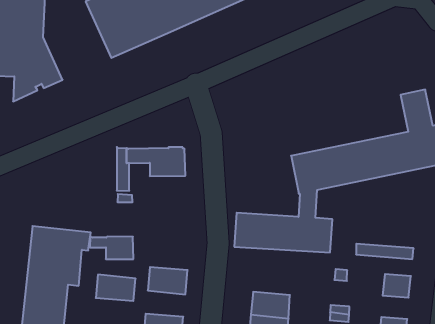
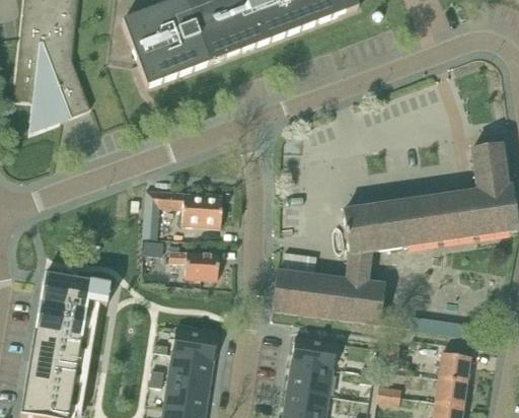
building: [90,237,133,259] -> [168,251,218,279]
building: none -> [291,336,338,369]
building: [96,275,136,301] -> [167,354,214,387]
building: none -> [435,376,467,405]

